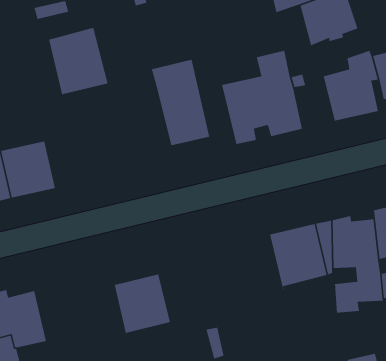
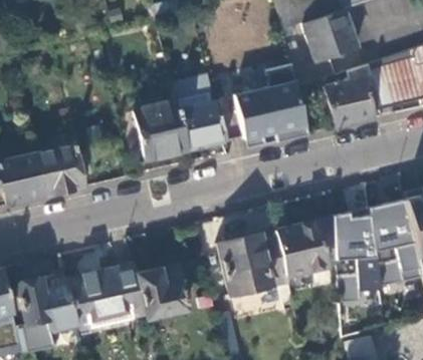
building: [48,27,108,95] -> [135,98,189,159]
building: none -> [218,229,295,305]
building: none -> [66,263,146,325]

